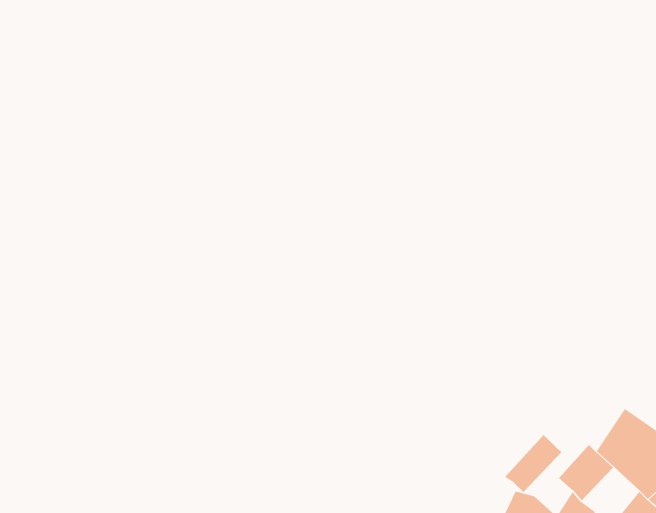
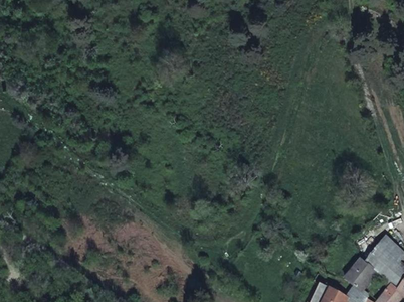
building: [504,434,563,493] -> none

